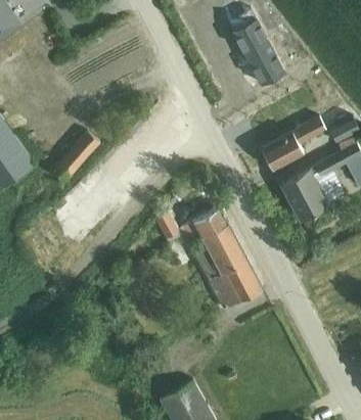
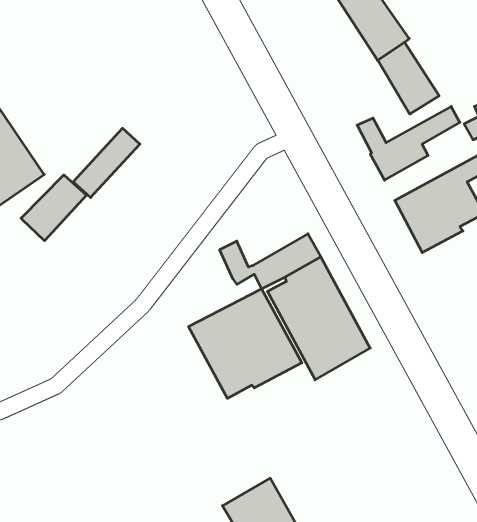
building: none -> [378,42,439,114]
building: none -> [21,175,87,241]
building: none -> [189,289,302,398]

